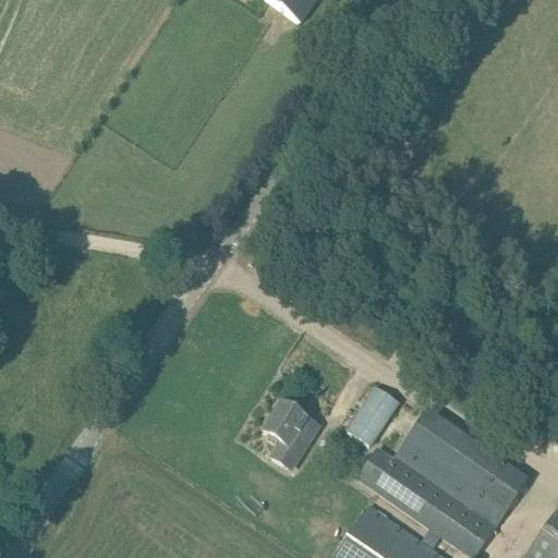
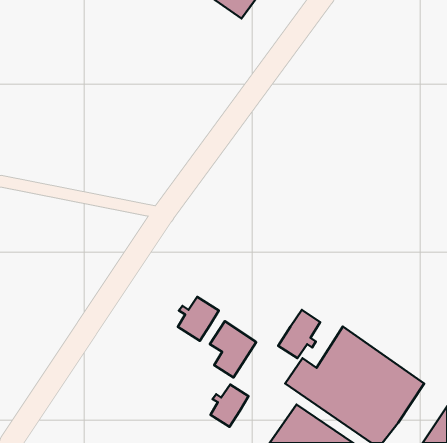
building: none -> [178,297,219,341]
building: none -> [210,385,249,427]

